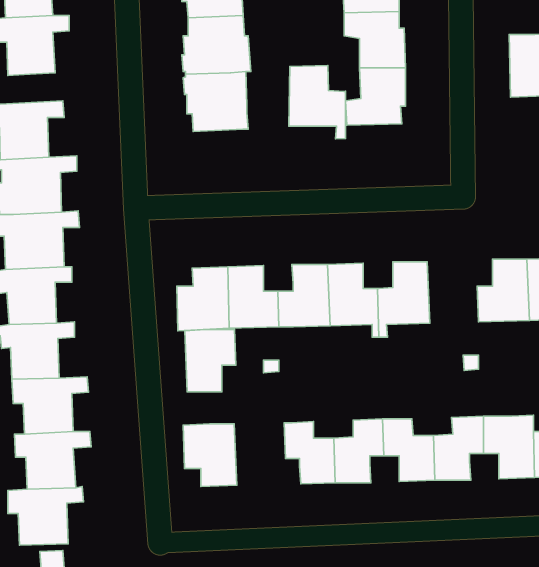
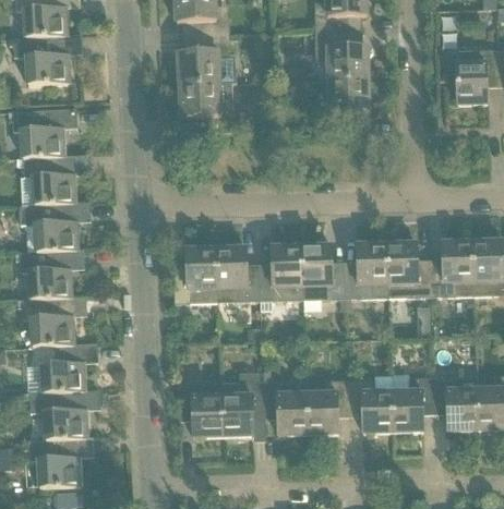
building: [289,66,345,139] -> none
building: none -> [386,244,430,298]
building: [185,329,236,392] -> [221,383,265,436]

